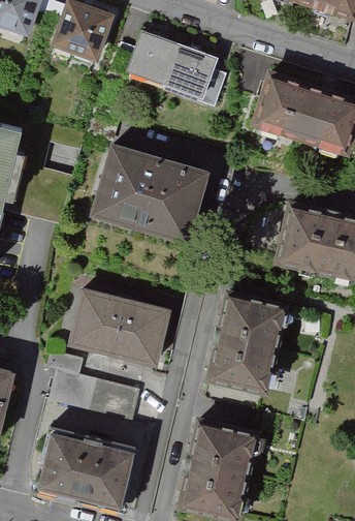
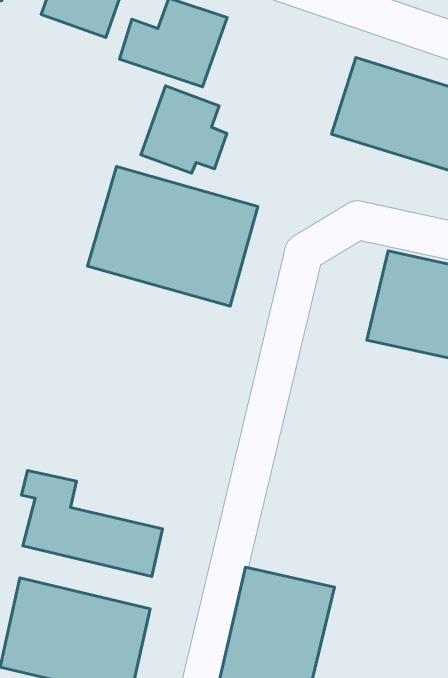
building: [168,48,226,106] -> [141,86,227,173]
building: [207,288,287,388] -> none
building: [71,296,167,366] -> none

